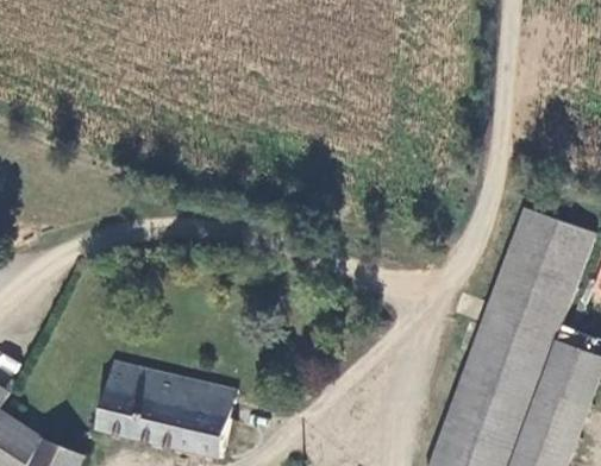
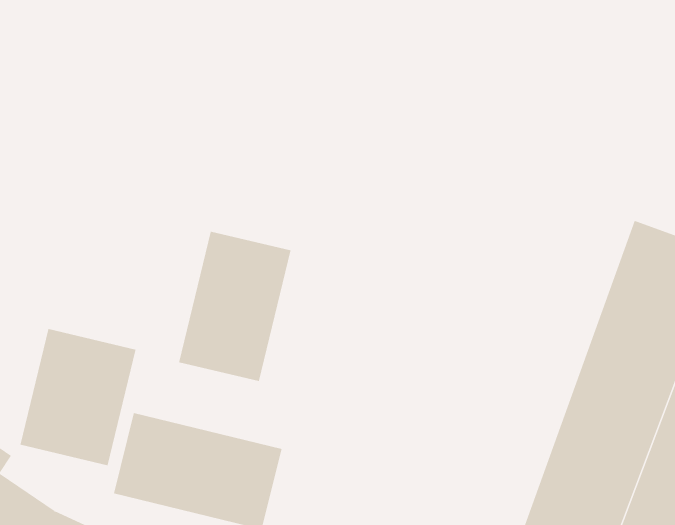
building: none -> [178,231,291,382]
building: none -> [20,328,136,466]

